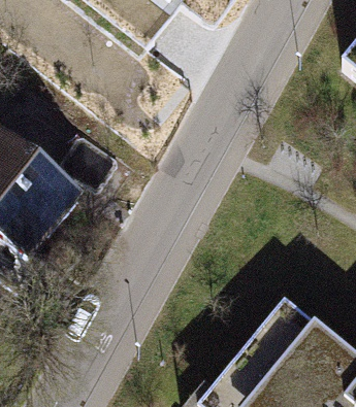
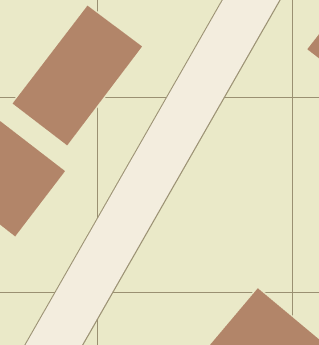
building: none -> [12,4,143,146]

